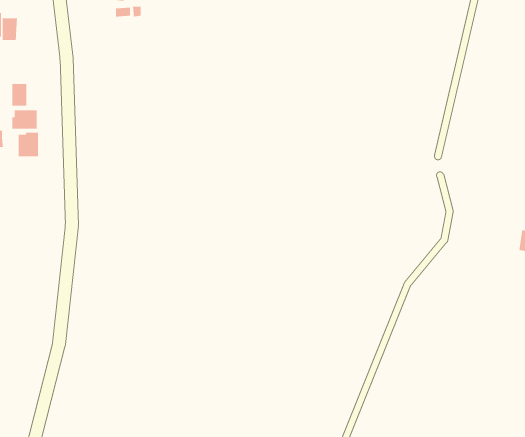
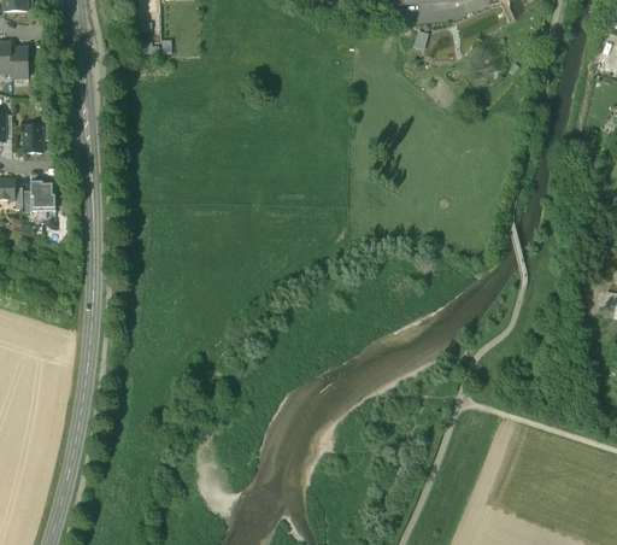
building: [12,110,37,130] -> none

